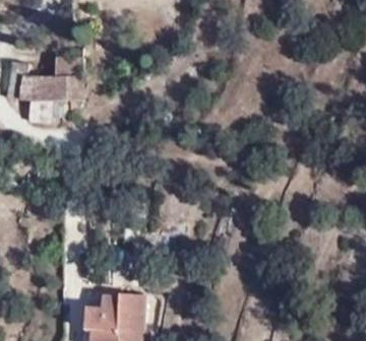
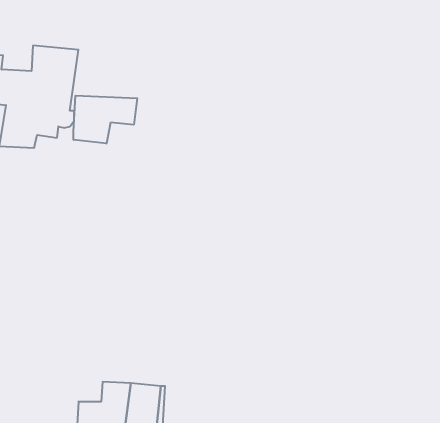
building: none -> [73,96,137,144]

